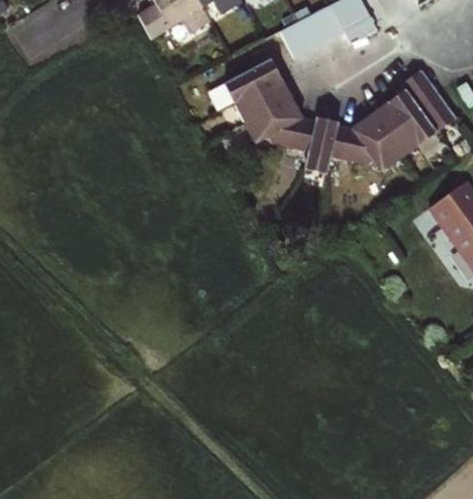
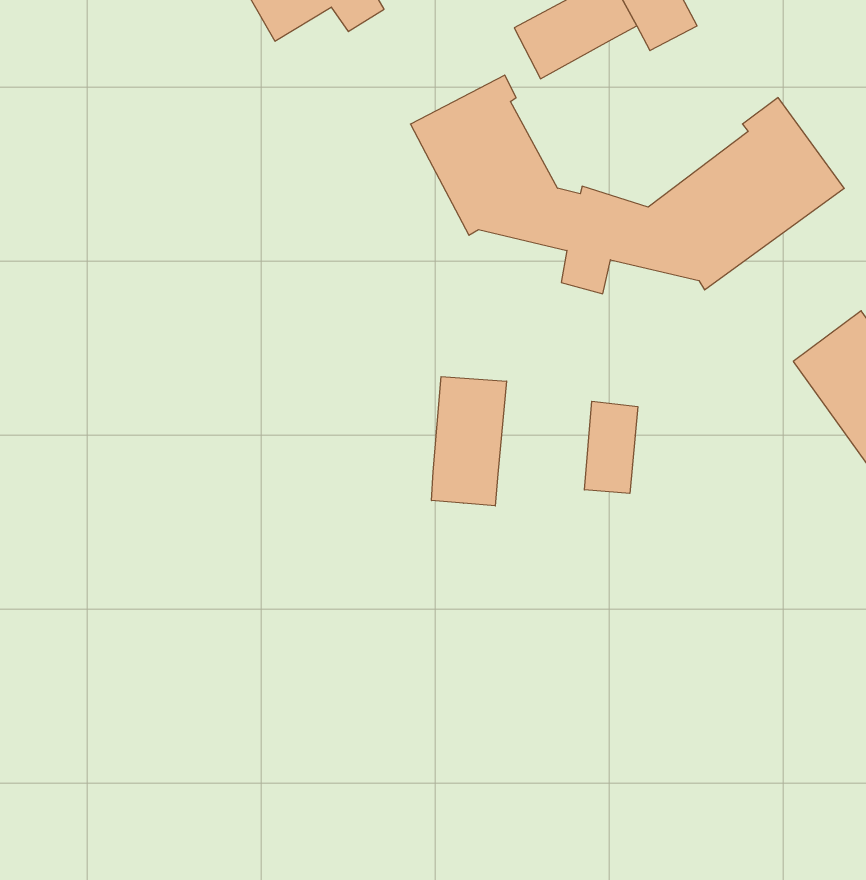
building: none -> [432,377,507,506]
building: none -> [584,401,638,493]

